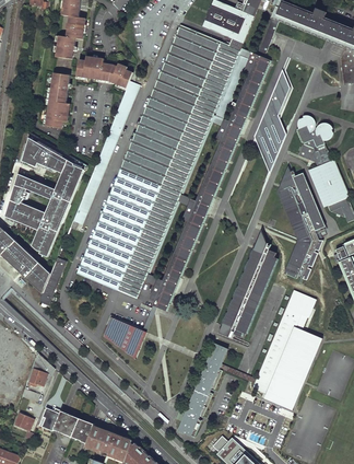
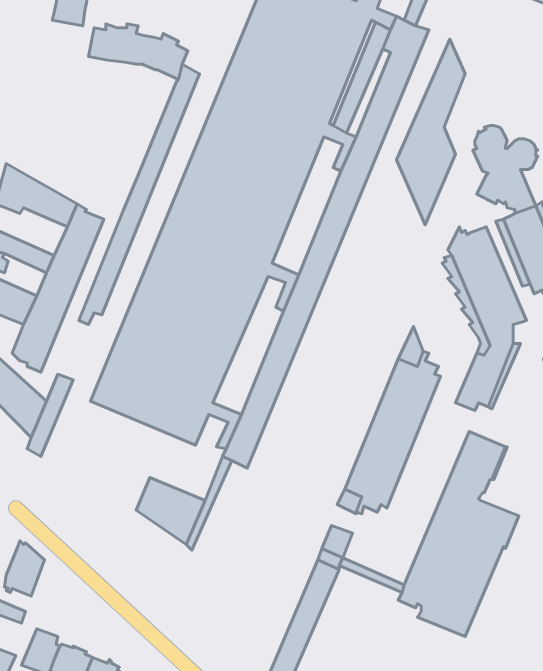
building: [45,71,69,127] -> none

